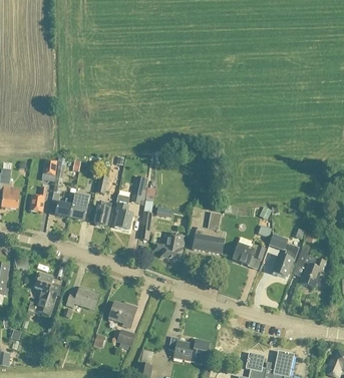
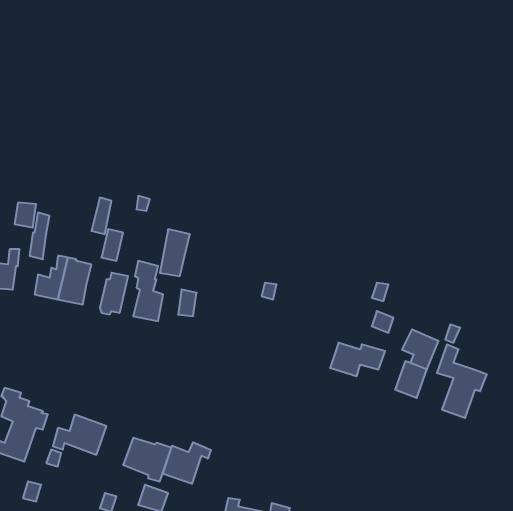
building: [193,213,226,254] -> none
building: [154,231,185,260] -> none
building: none -> [163,442,211,484]

